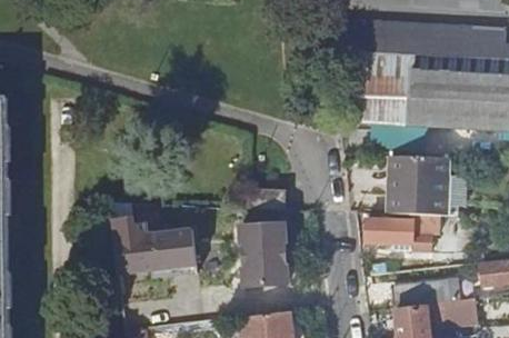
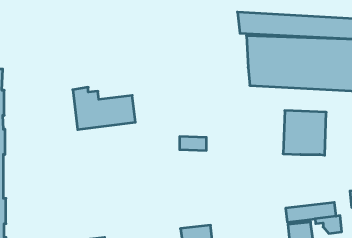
building: [366,215,438,251] -> none
building: [110,218,196,276] -> [73,87,135,130]
building: [238,225,287,286] -> none

